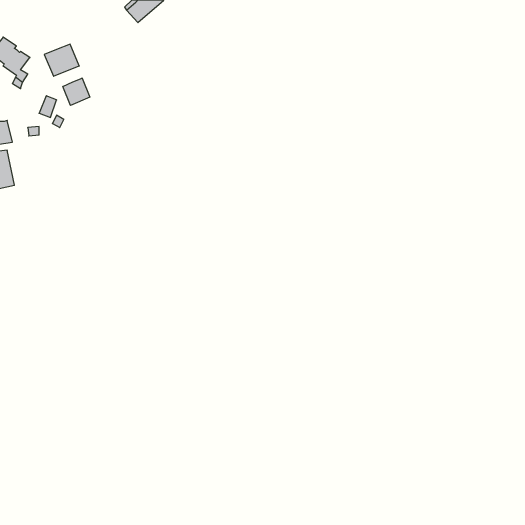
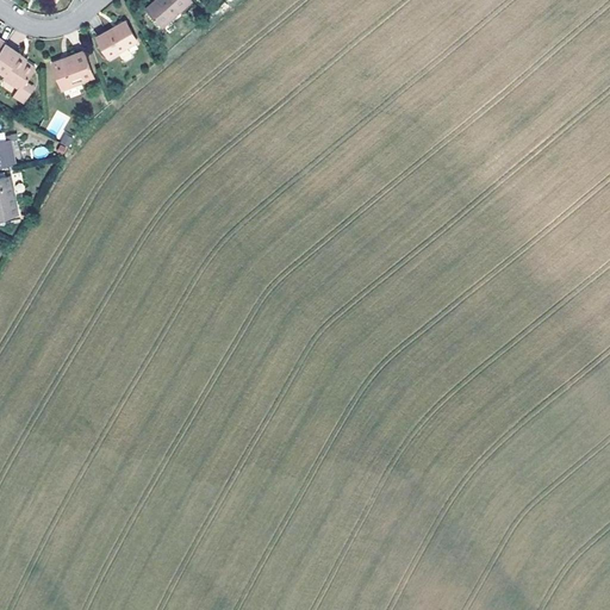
building: none -> [95,21,136,58]
building: [63,78,90,105] -> none

